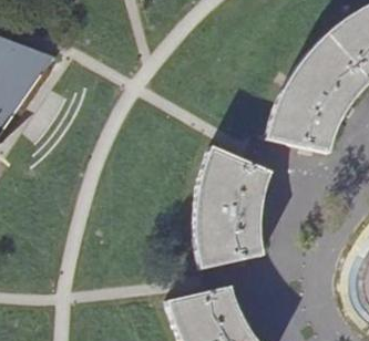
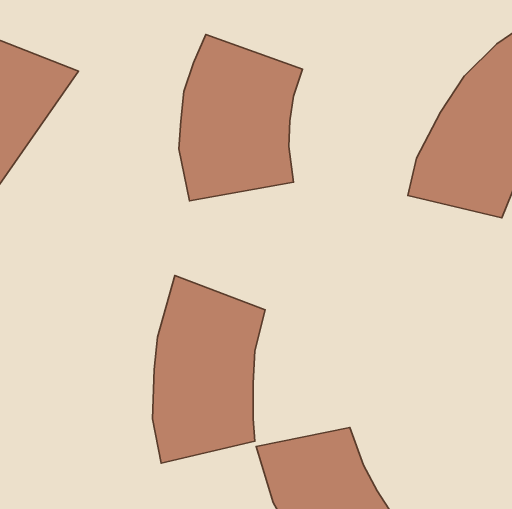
building: none -> [179,35,302,201]
building: [196,147,269,269] -> [153,276,265,463]

